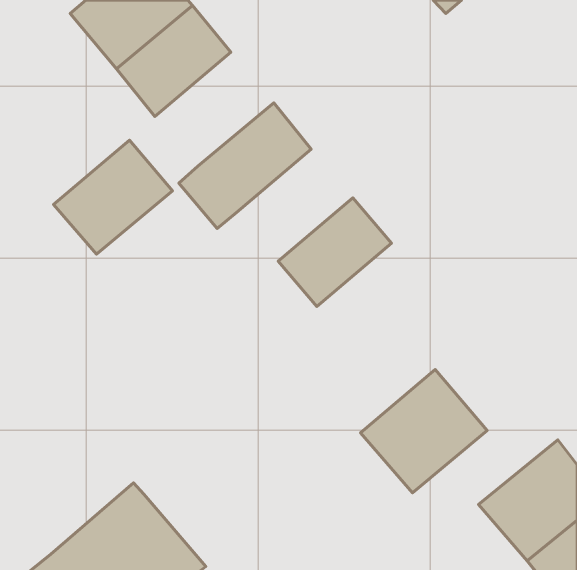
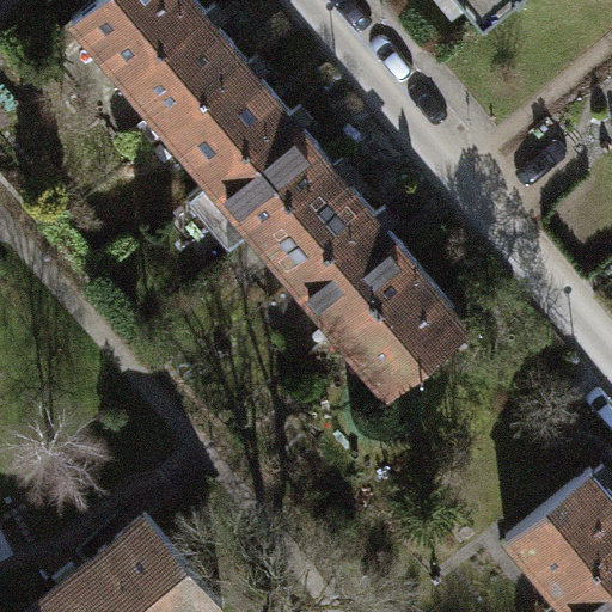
building: [54,140,172,254] -> [164,63,289,184]
building: none -> [250,166,373,284]
building: [360,370,487,493] -> [335,265,469,396]

